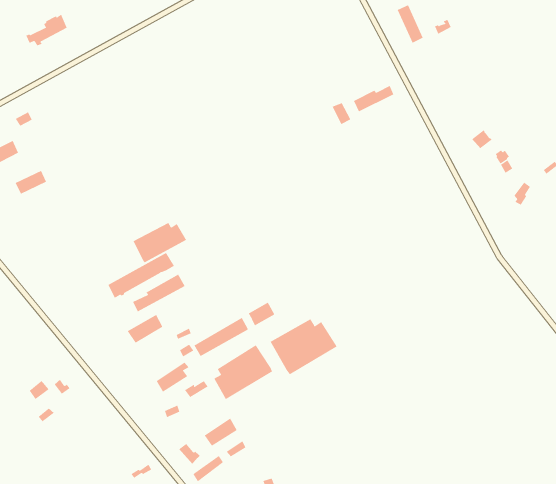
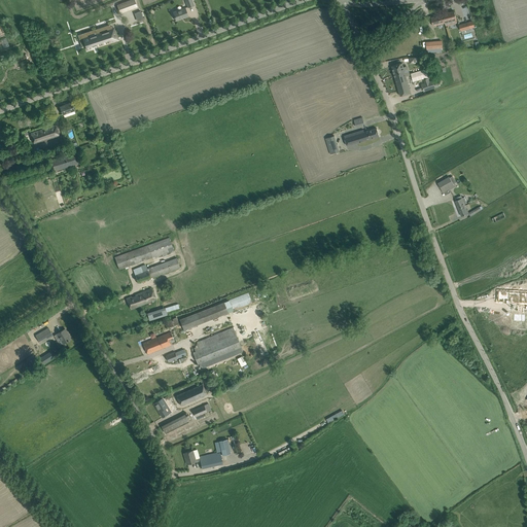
building: [133,222,187,263] -> none
building: [270,319,337,375] -> none

